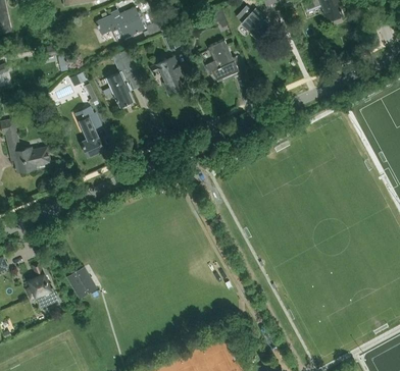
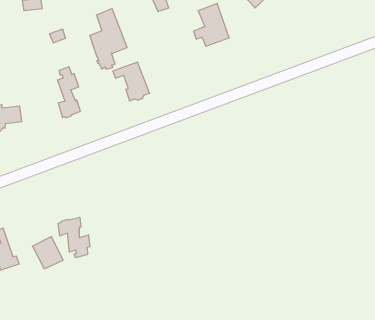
building: [150,56,186,93] -> [113,62,150,101]
building: none -> [58,217,90,258]

